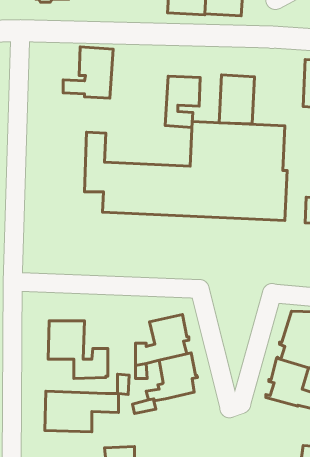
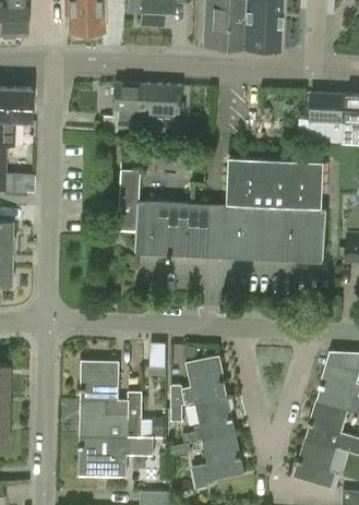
building: [219,75,254,124] -> [309,94,345,144]
building: [165,76,200,128] -> [145,85,181,137]
building: none -> [80,402,141,437]
building: none -> [192,435,244,489]
building: none -> [294,442,337,490]

